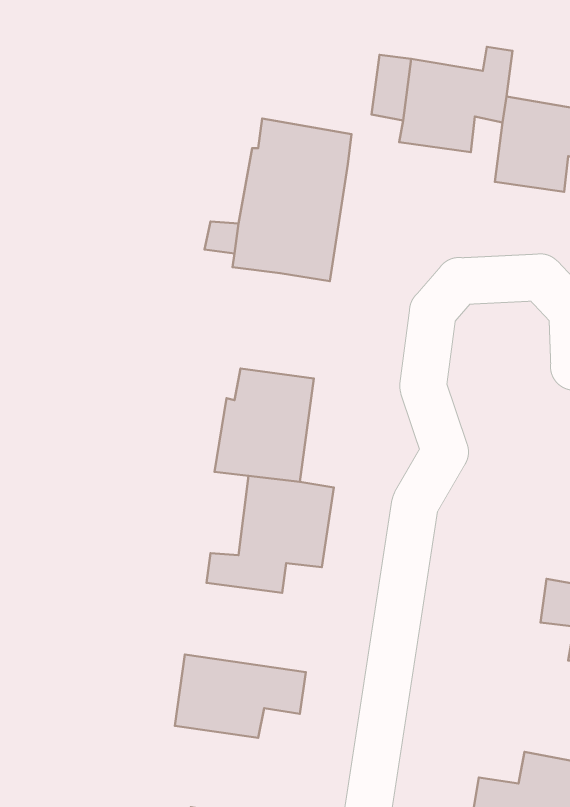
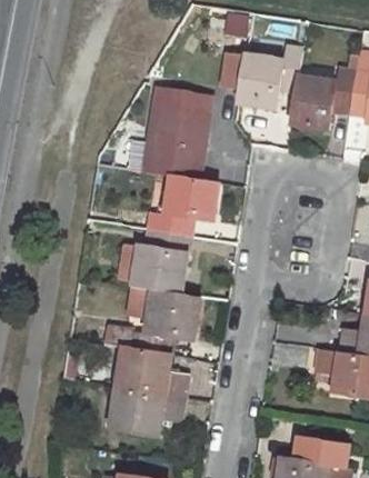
building: none -> [147,176,218,235]
building: none -> [116,348,187,399]

